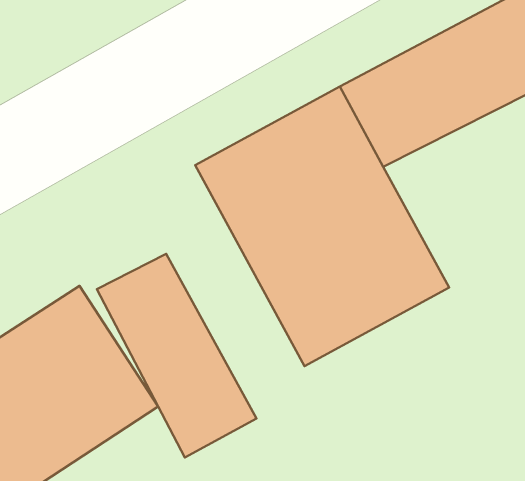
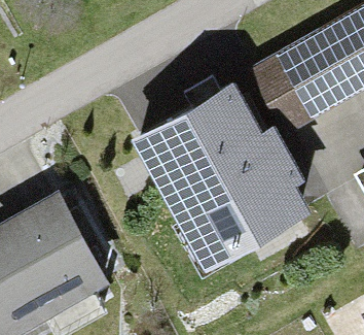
building: [97,254,256,457] -> none

